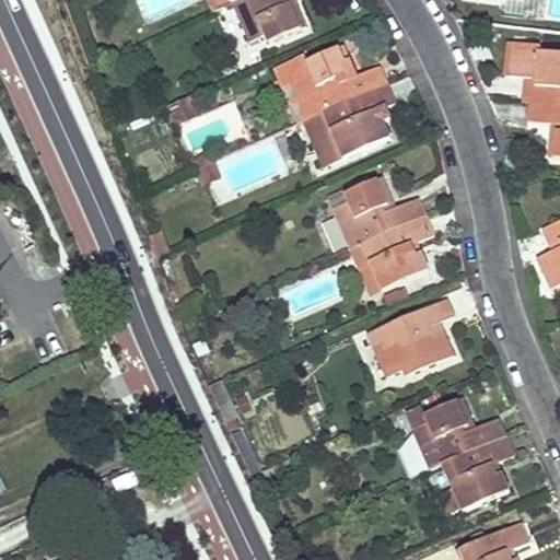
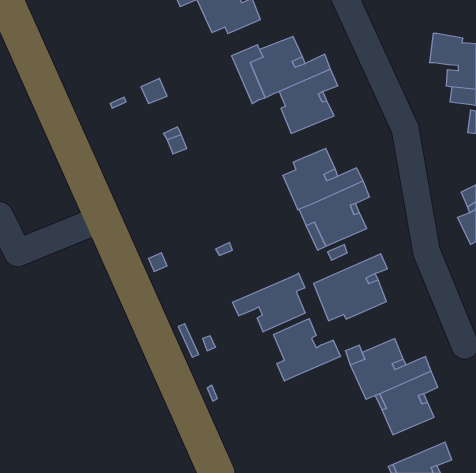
building: [303,107,341,164] -> none
building: none -> [232,273,305,332]
building: none -> [274,319,341,381]

